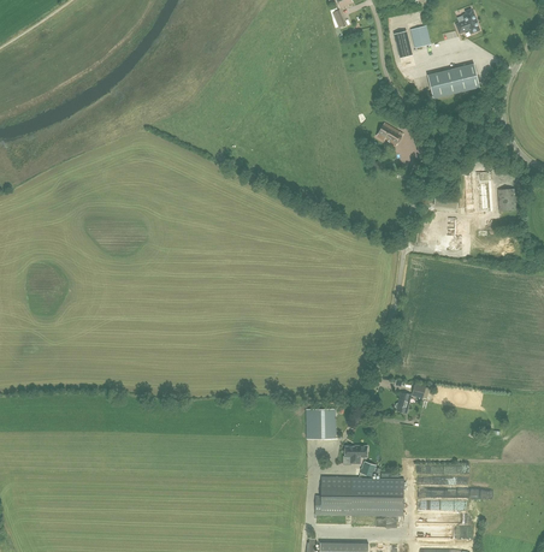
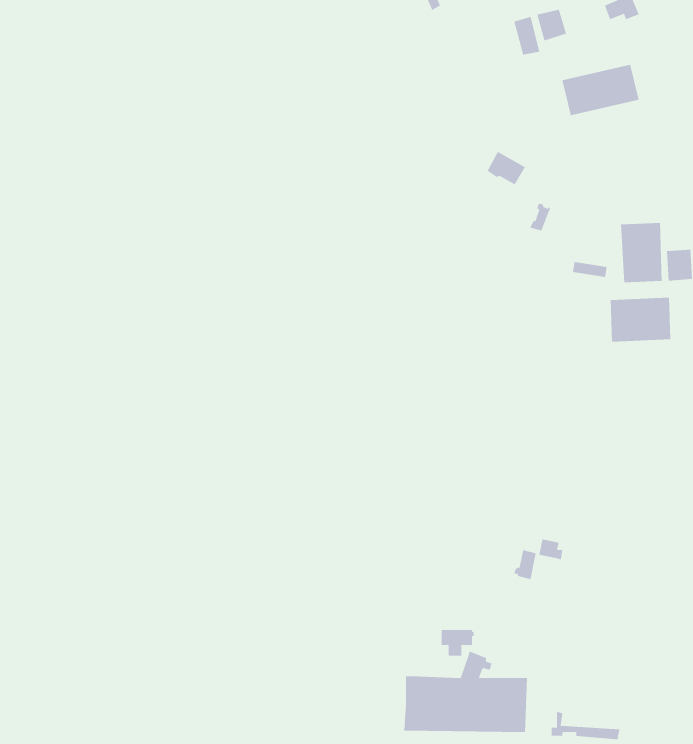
building: none -> [610,297,671,342]
building: [306,408,335,438] -> none

